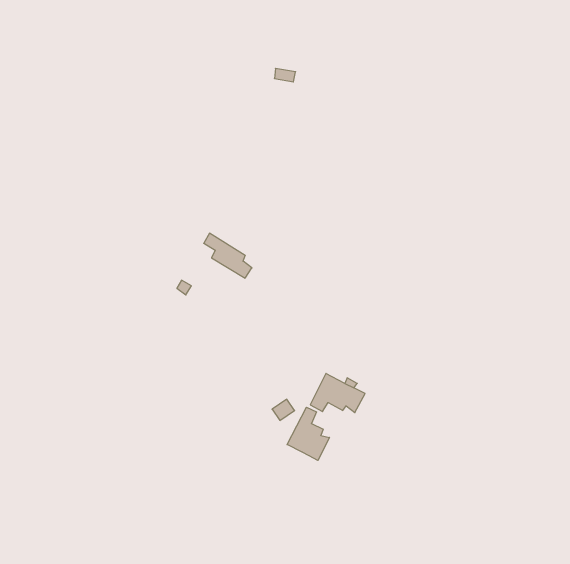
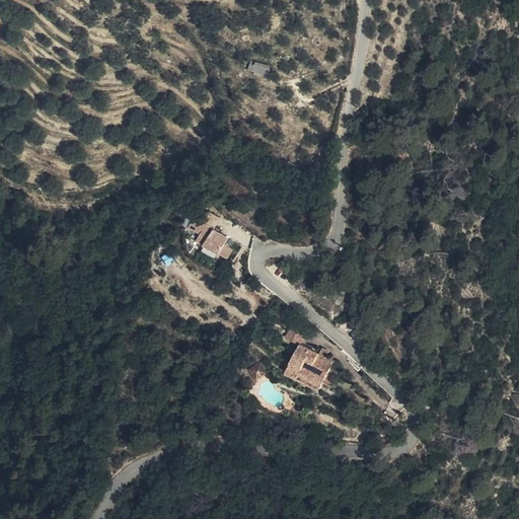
building: [287,407,329,460] -> none

